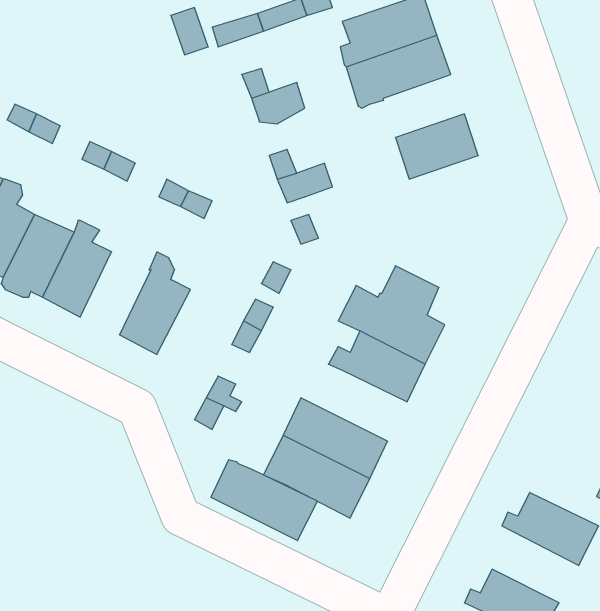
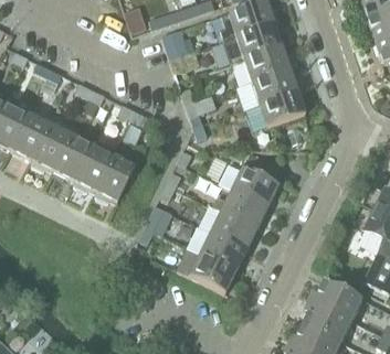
building: none -> [243,44,288,79]
building: none -> [257,89,304,126]
building: none -> [73,137,113,190]
building: [211,460,317,541] -> [197,204,256,249]
building: none -> [304,297,352,340]

